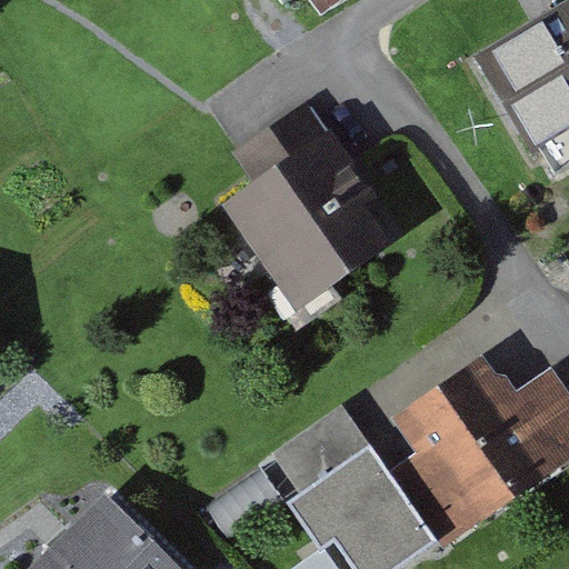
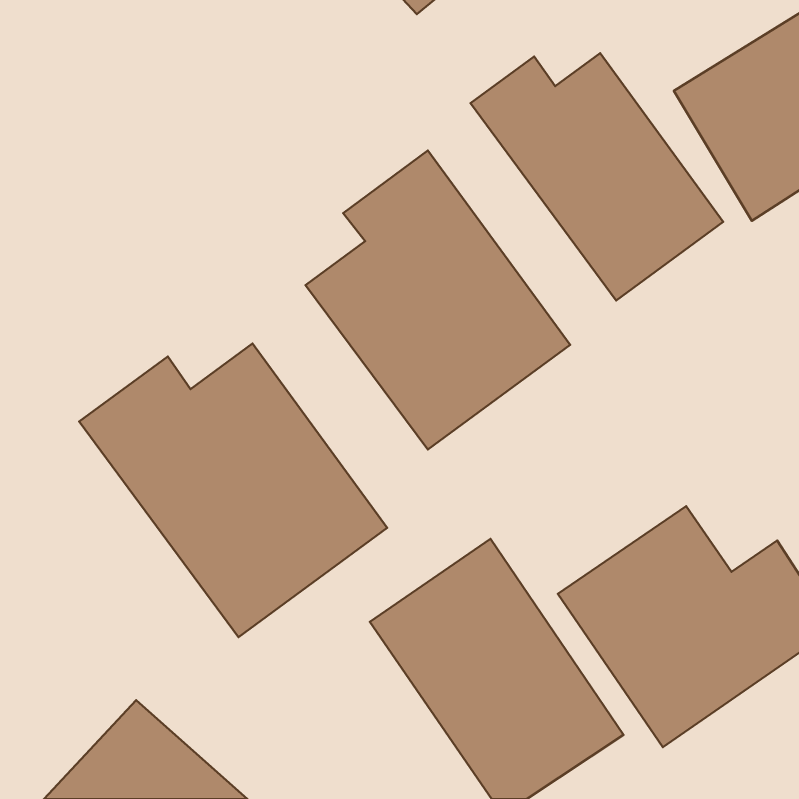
building: none -> [470,53,723,301]
building: none -> [79,343,387,637]

